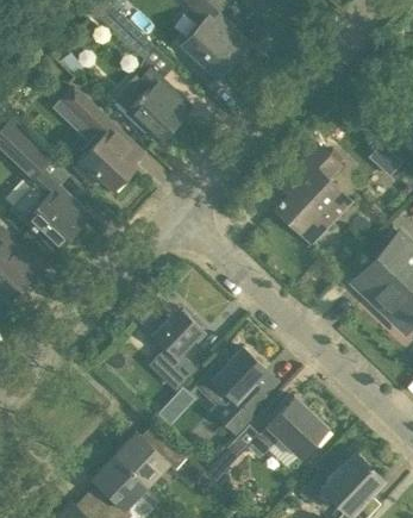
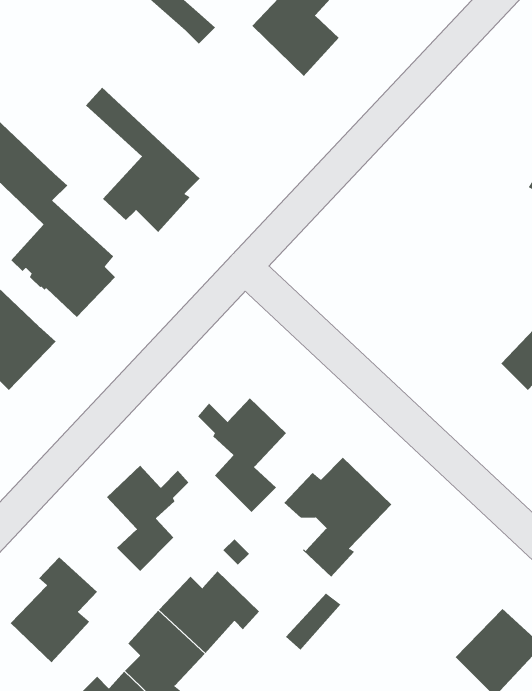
building: [114,69,184,143] -> none
building: [276,145,339,245] -> none
building: none -> [106,465,189,572]
building: [252,398,327,457] -> none
building: none -> [10,556,98,663]

